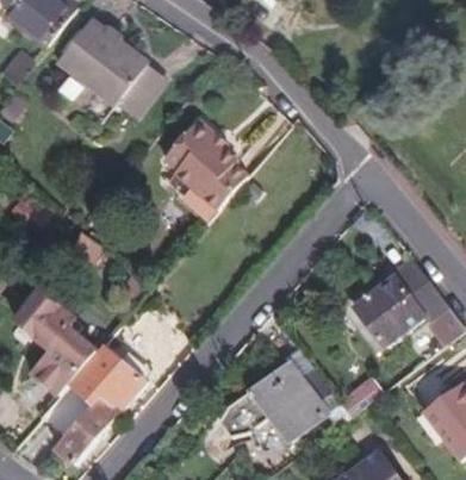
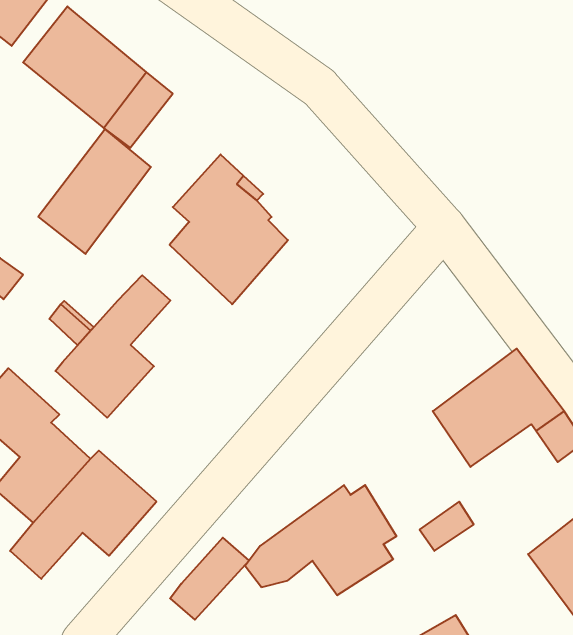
building: none -> [38,129,151,254]
building: none -> [55,275,170,418]
building: [62,398,119,457] -> [170,538,249,620]

